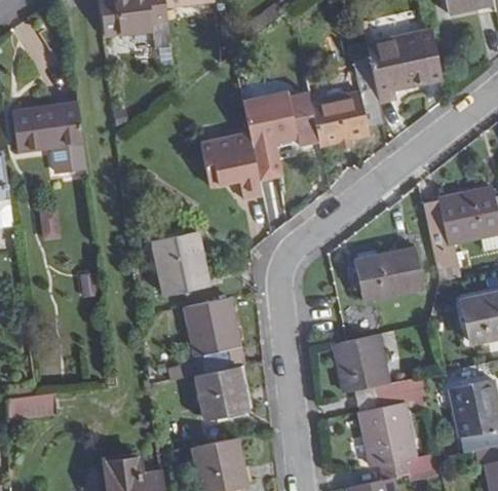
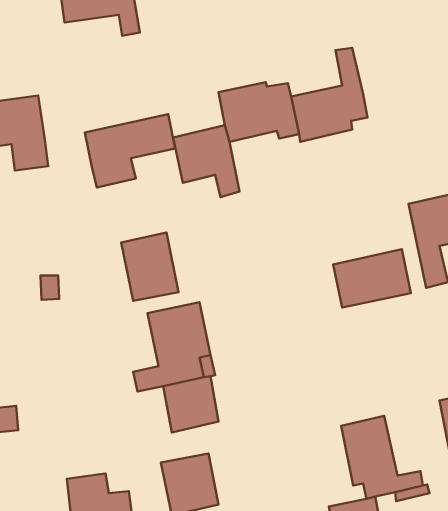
building: [368,34,431,103] -> none
building: none -> [85,114,175,187]
building: [335,340,424,411] -> none

